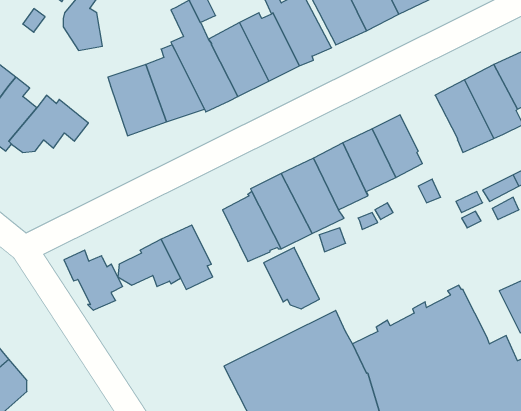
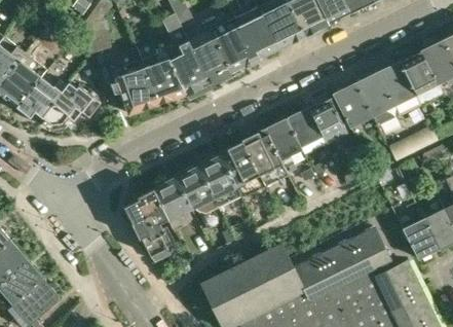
building: none -> [333,82,371,125]
building: [264,247,319,309] -> [176,167,217,212]
building: [64,250,123,310] -> [131,215,175,259]

